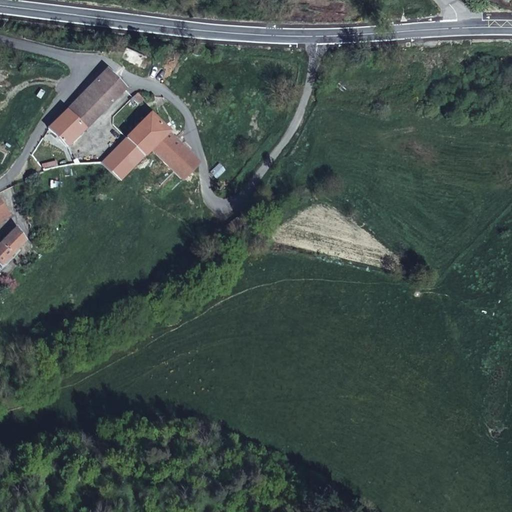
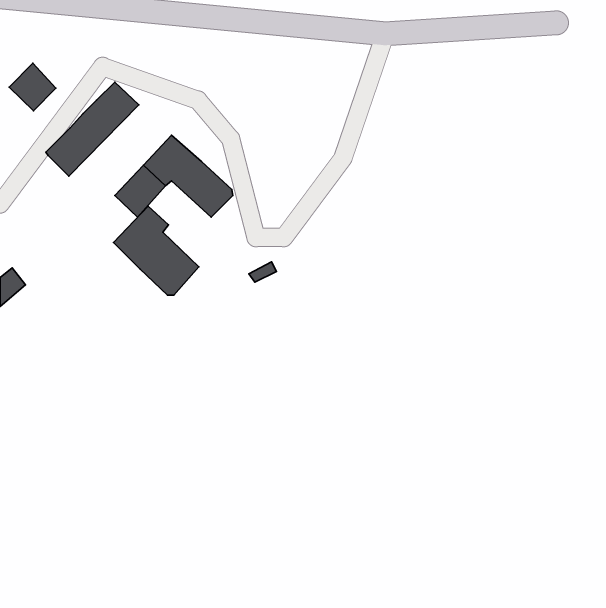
building: none -> [9,63,56,111]
building: none -> [114,206,199,295]

